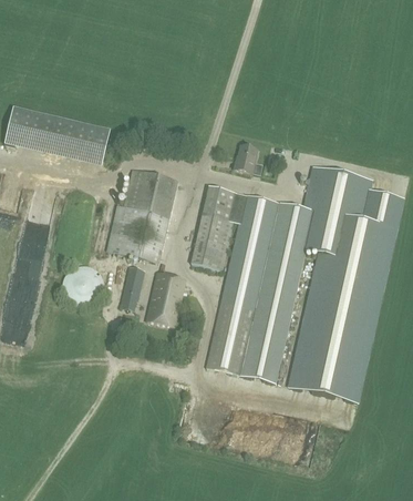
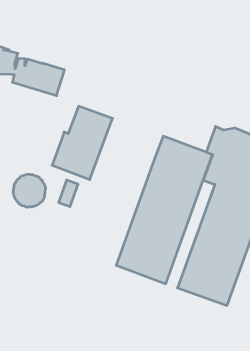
building: [234,145,259,173] -> none
building: [190,185,246,270] -> none
building: [146,273,186,326] -> none

